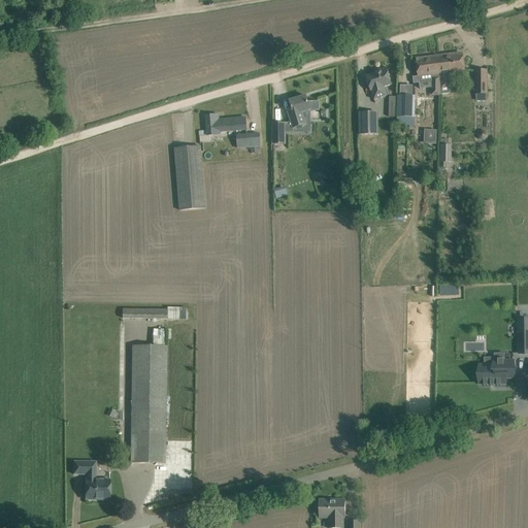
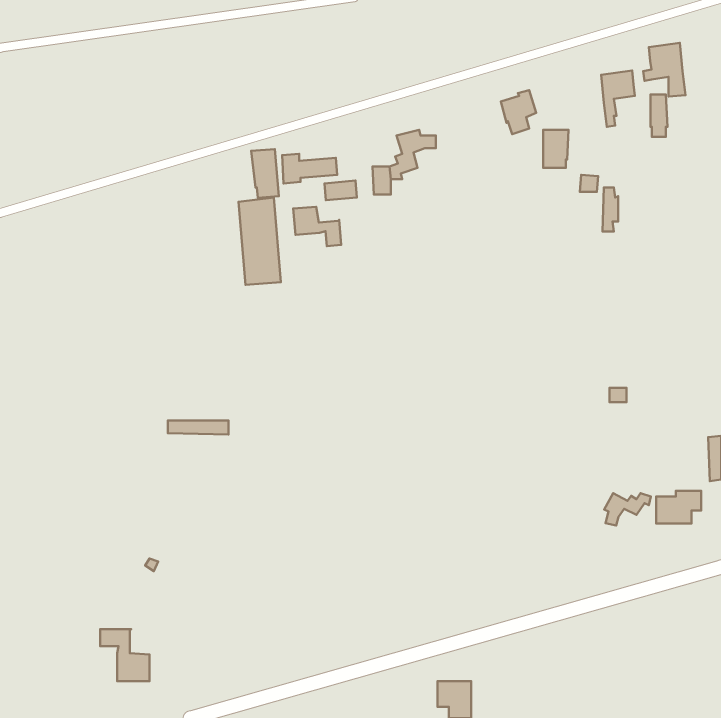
building: [412,55,443,94] -> [643,43,685,96]
building: none -> [251,149,279,198]
building: [360,110,378,133] -> none
building: none -> [293,207,341,246]
building: [130,344,166,461] -> none
building: none -> [604,493,651,525]

